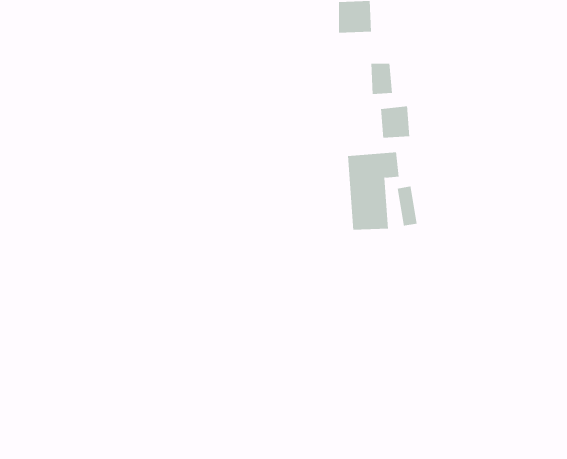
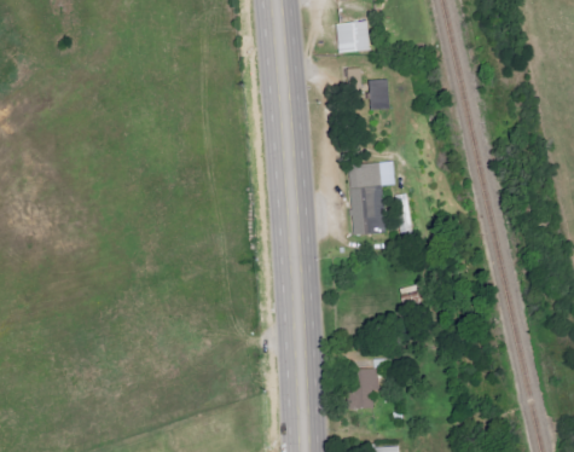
building: [381,106,410,139] -> none
building: none -> [354,359,388,408]

